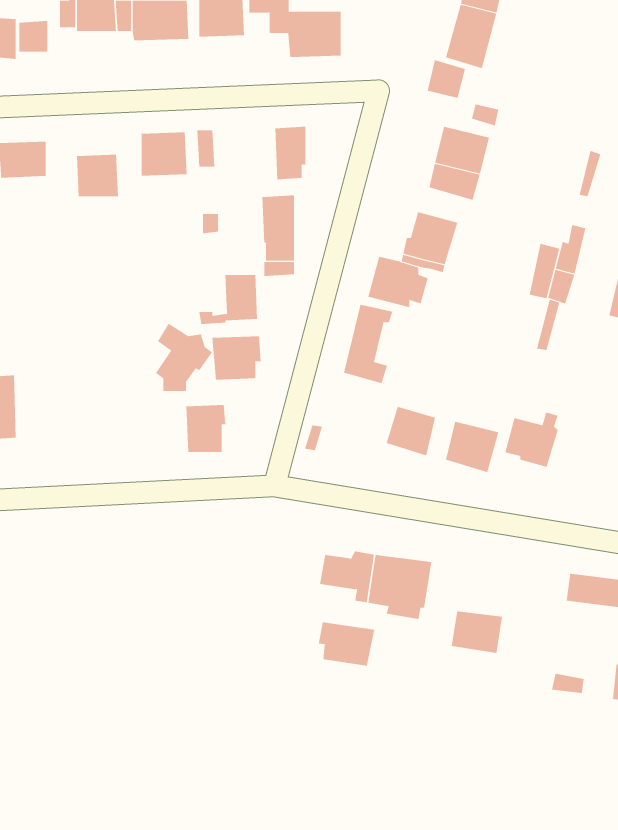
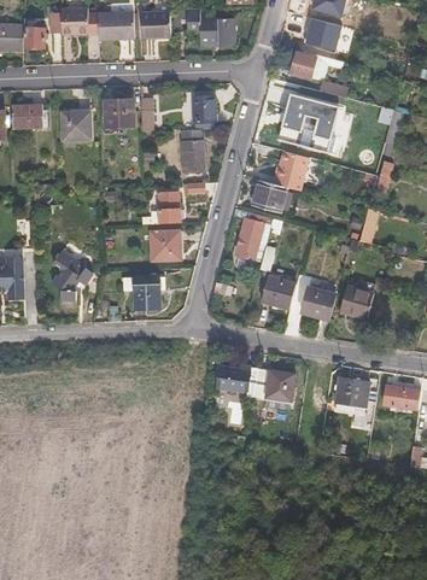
building: [155,323,213,391] -> [53,252,90,297]
building: [451,611,503,653] -> [334,377,368,405]
building: [318,621,375,667] -> none

